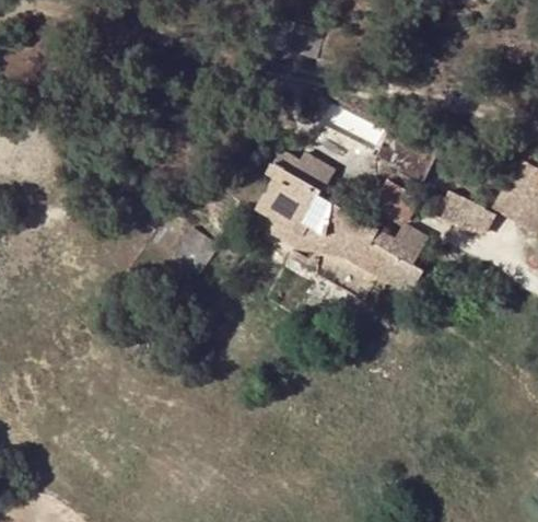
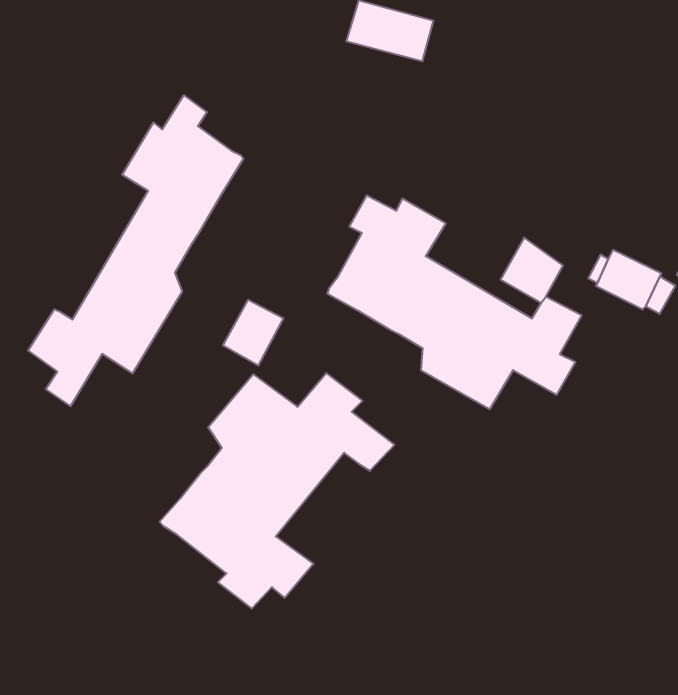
building: none -> [28,95,243,406]
building: none -> [160,373,394,609]

